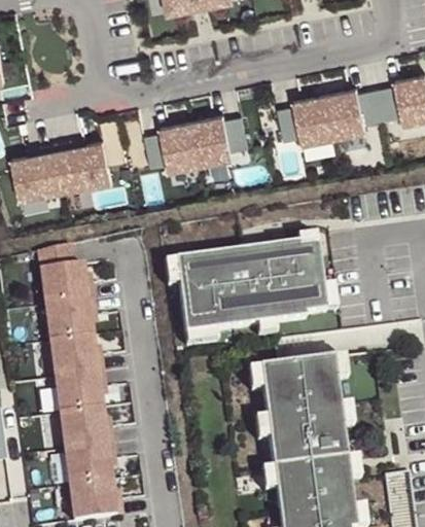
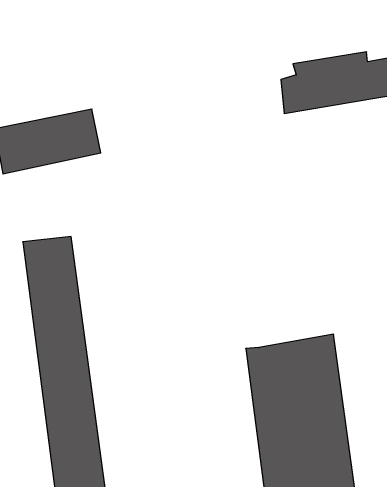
building: [149,112,252,175] -> none
building: [181,239,326,330] -> none

